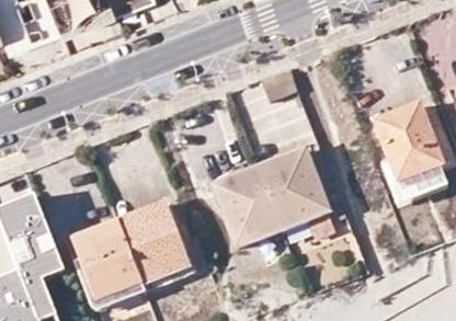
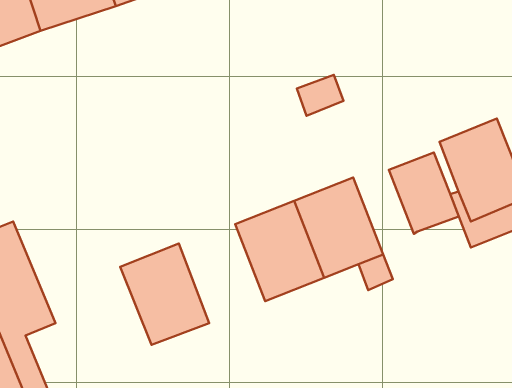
building: none -> [389,153,459,234]
building: [70,222,141,303] -> none

